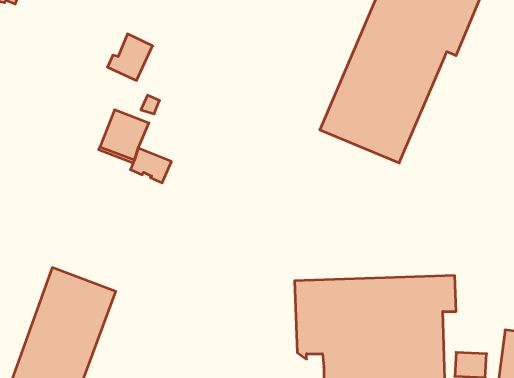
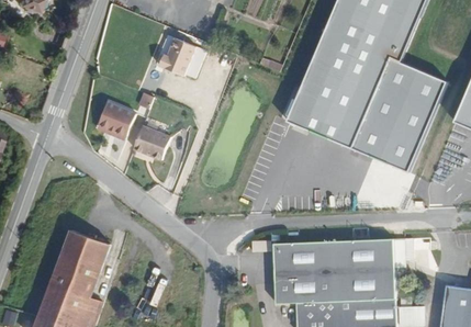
building: [107,34,153,80] -> [157,42,194,80]
building: none -> [355,59,445,169]

